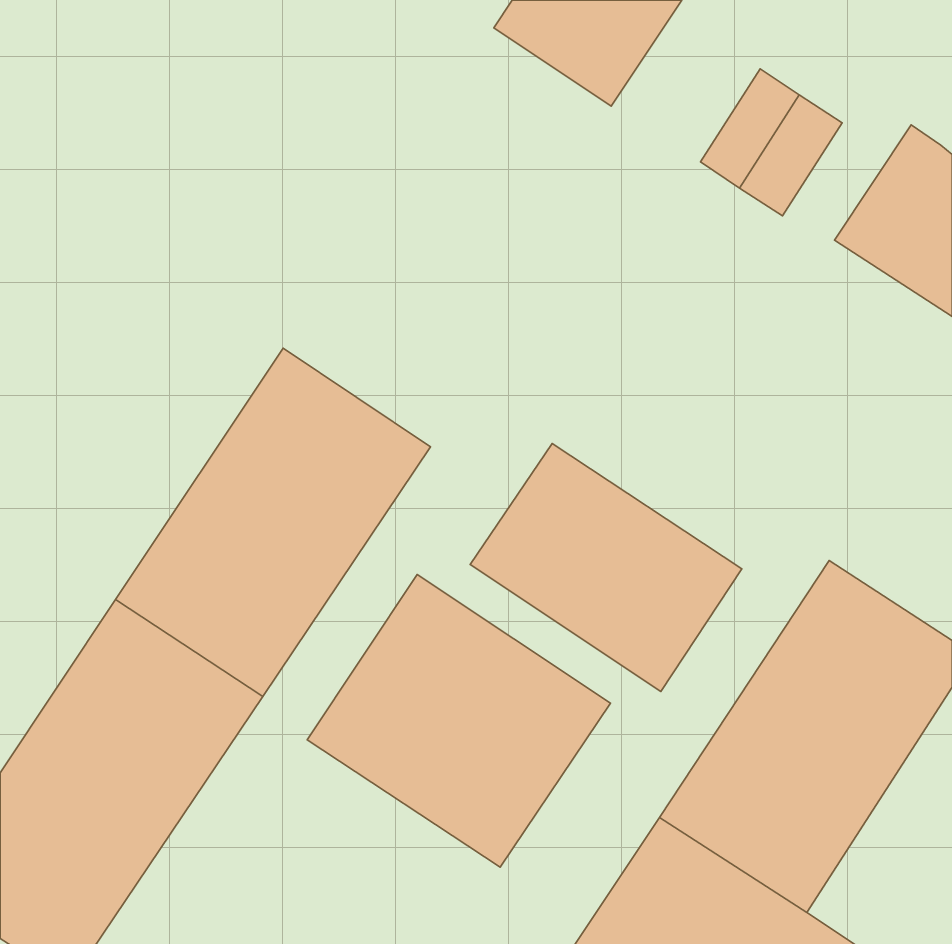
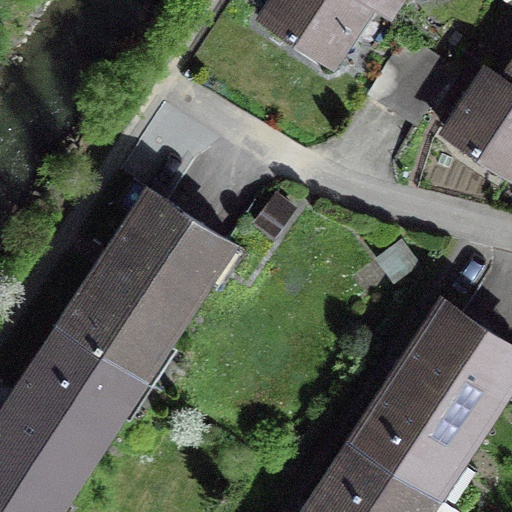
building: [470,443,742,692] -> none
building: [307,574,611,867] -> none

